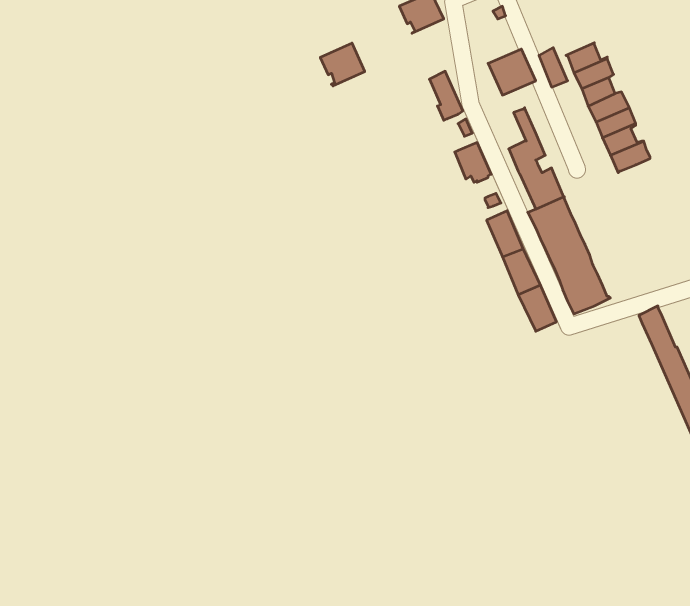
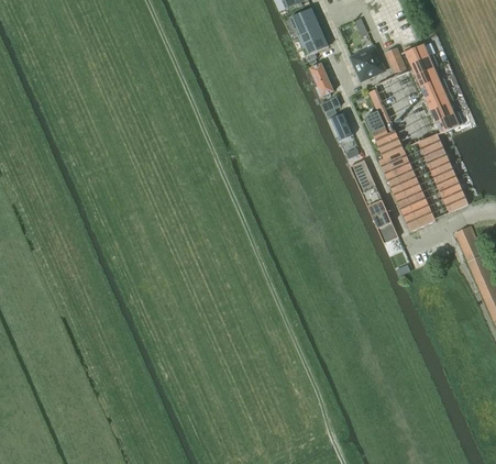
building: [320,43,365,86] -> [297,26,328,56]
building: none -> [418,133,467,212]

